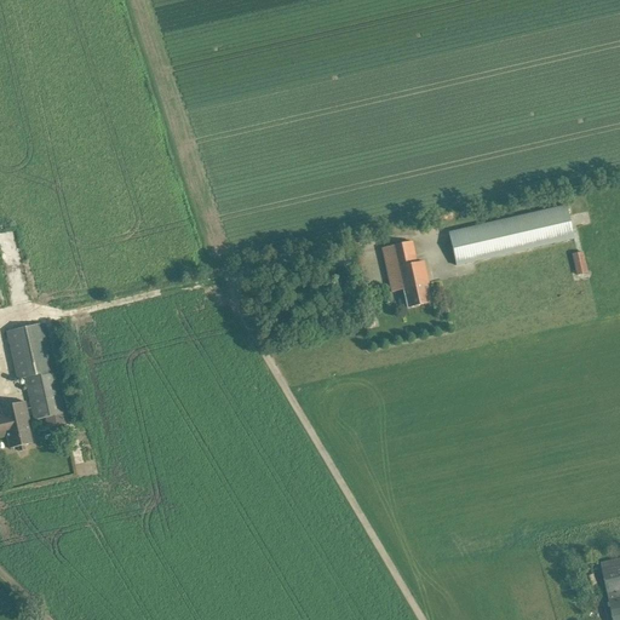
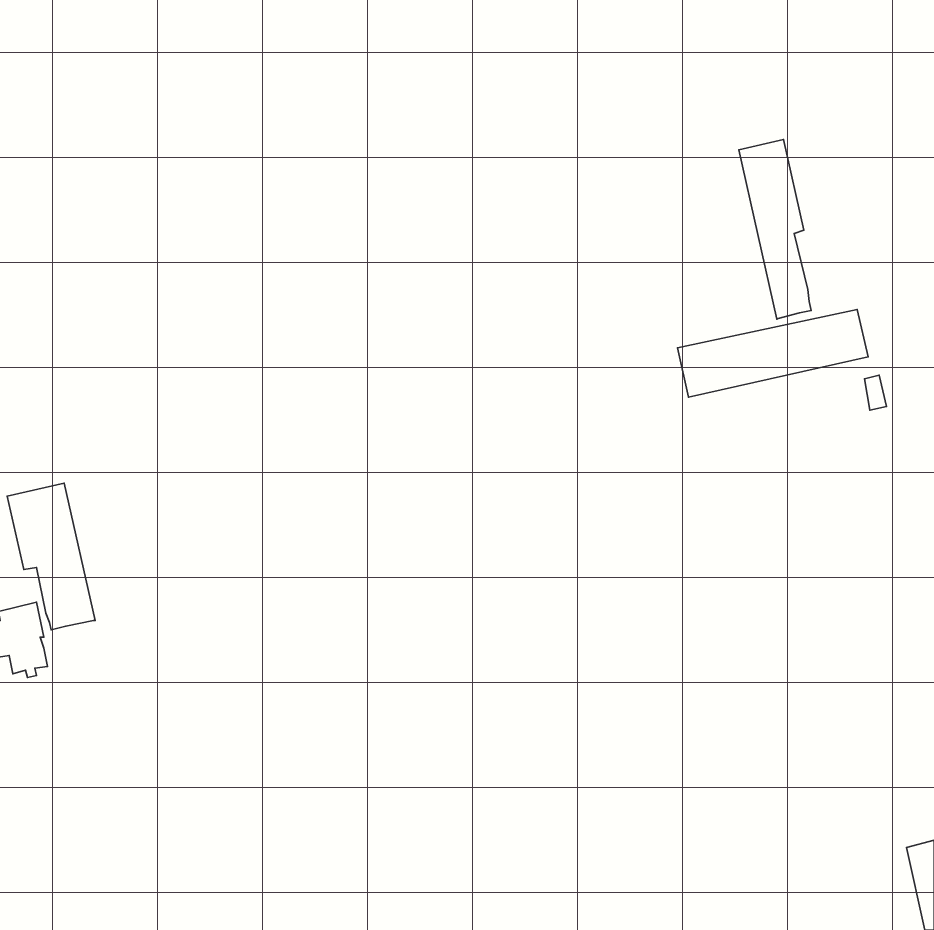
building: none -> [739,140,811,319]
building: [380,239,430,305] -> none

